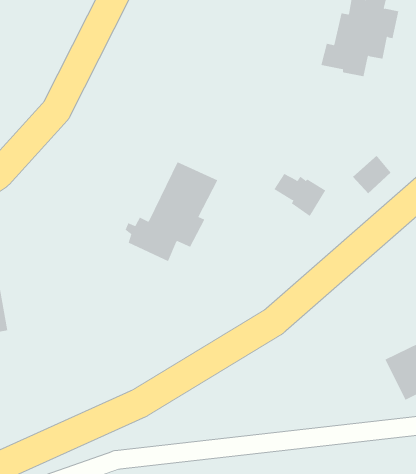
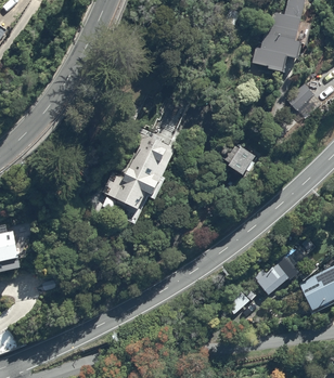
building: [352,155,391,194] -> [285,82,314,112]
building: none -> [254,260,299,296]

